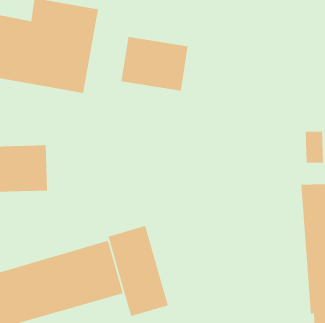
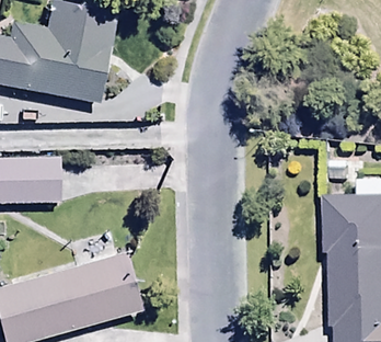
building: [121,36,188,92] -> none
building: [108,225,168,317] -> none

